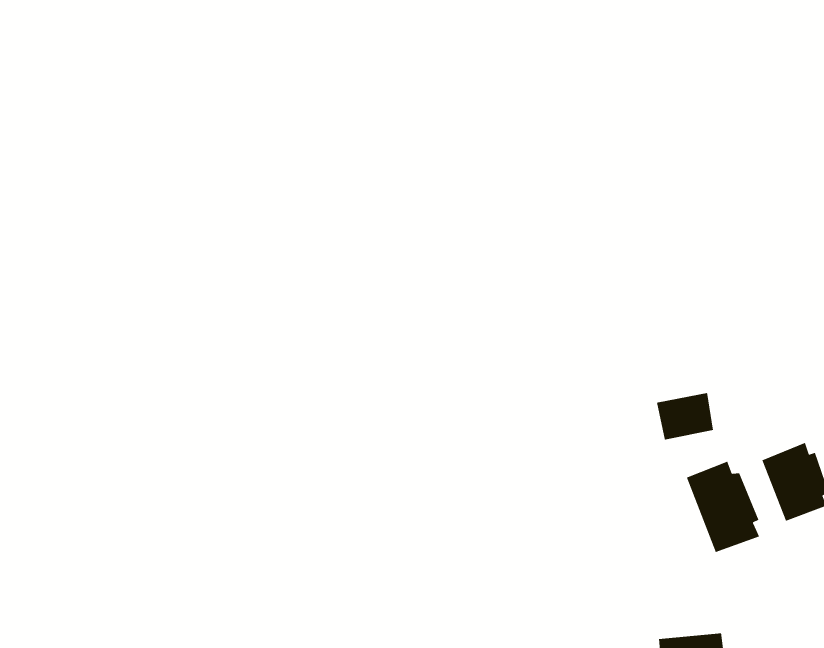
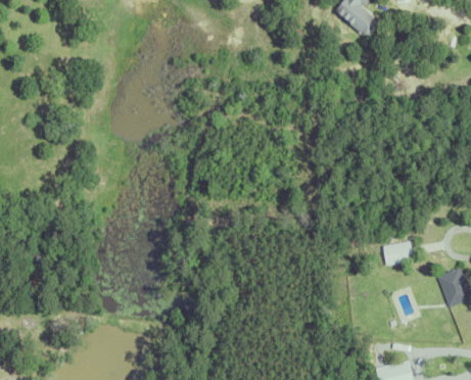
building: [686,461,760,553] -> none

